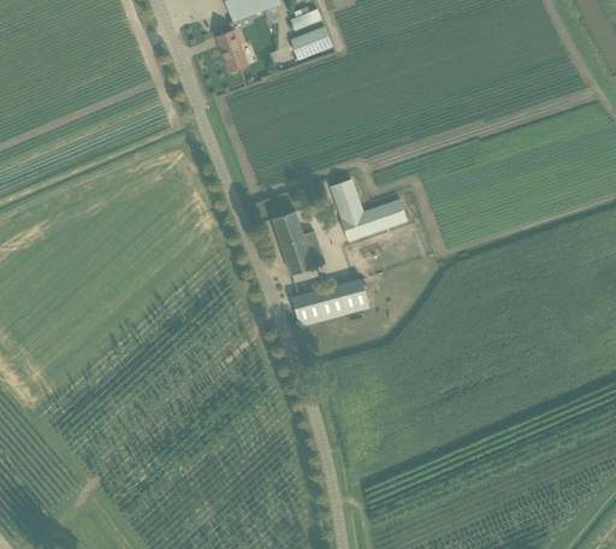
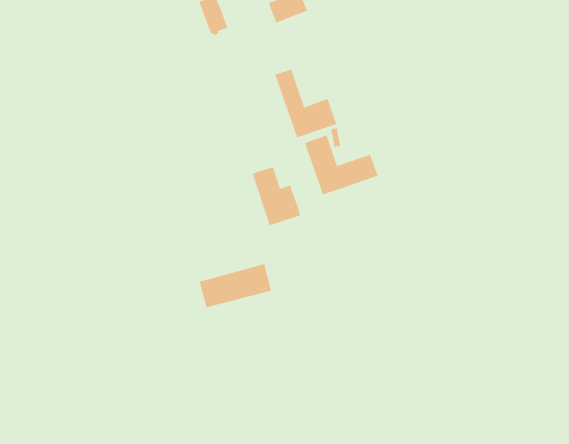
building: none -> [275,69,337,138]
building: [292,278,369,325] -> [199,263,272,308]

